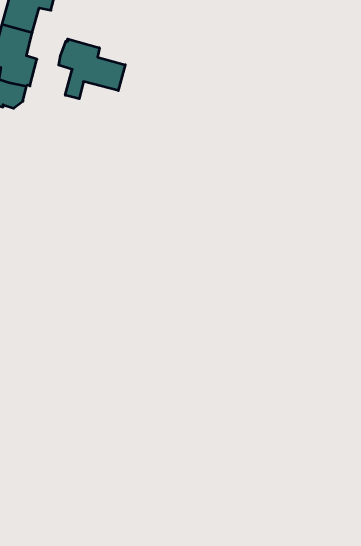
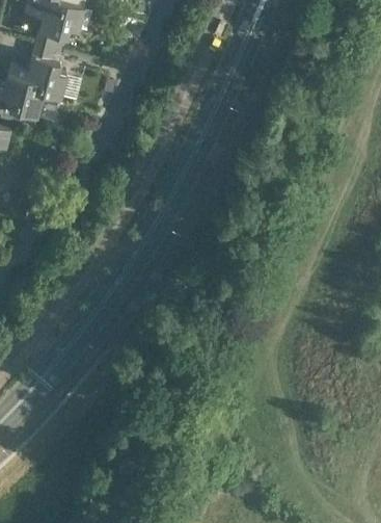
building: [59,39,125,99] -> none

